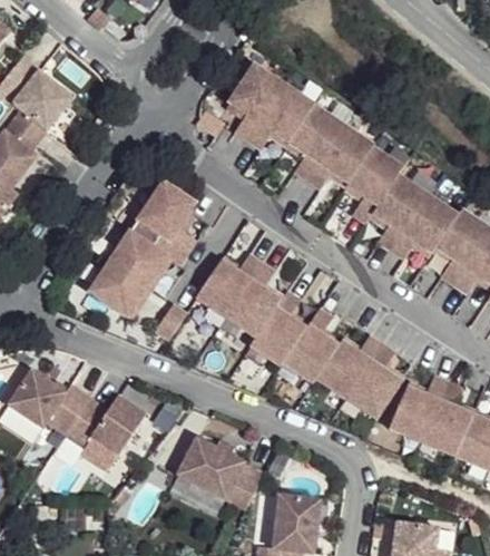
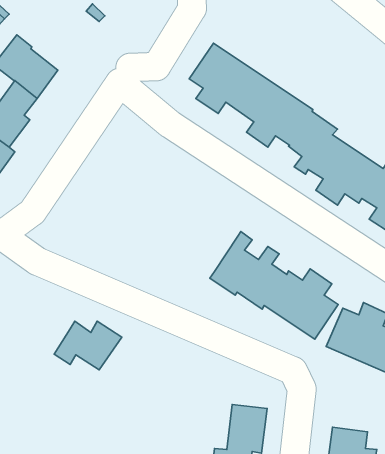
building: [90,181,197,318] -> none
building: [196,253,284,336] -> none
building: [8,370,85,435] -> none
building: [177,437,264,509] -> none

